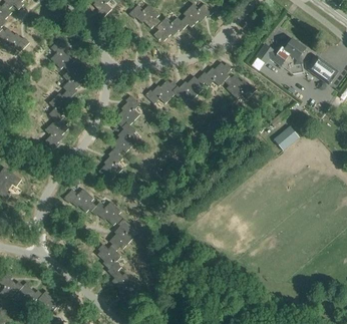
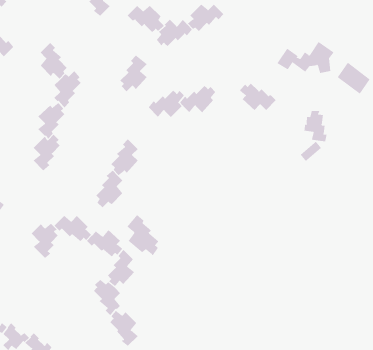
building: [199,61,232,85] -> none
building: [116,94,140,126] -> [120,55,147,92]
building: none -> [304,110,327,142]
building: none -> [127,214,159,256]
building: none -> [31,223,59,259]

